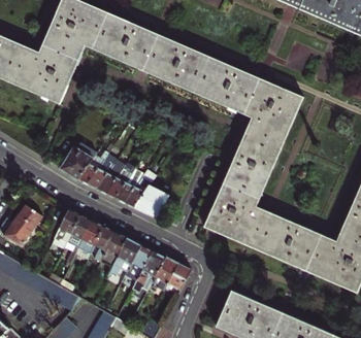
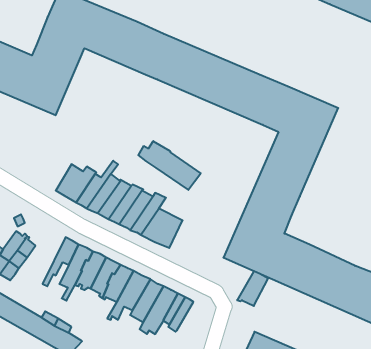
building: none -> [138,141,201,190]
building: [164,265,191,295] -> [237,271,268,306]

